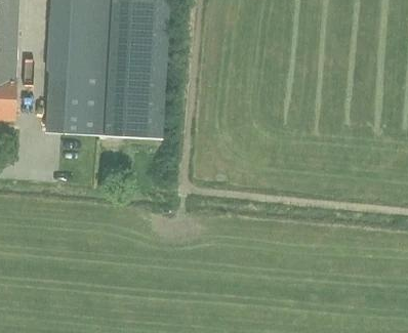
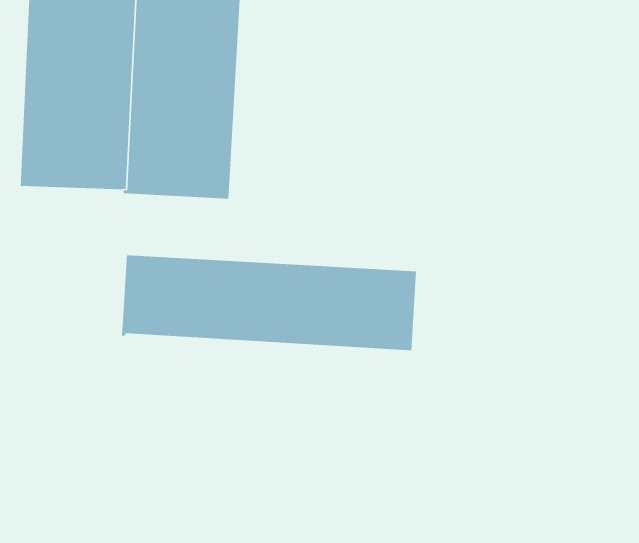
building: none -> [121,254,417,351]

